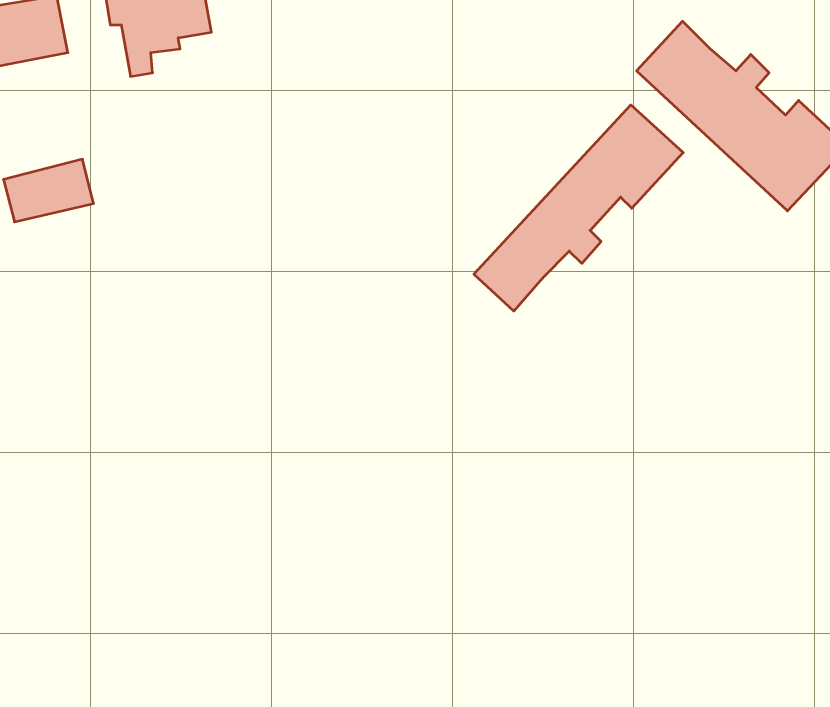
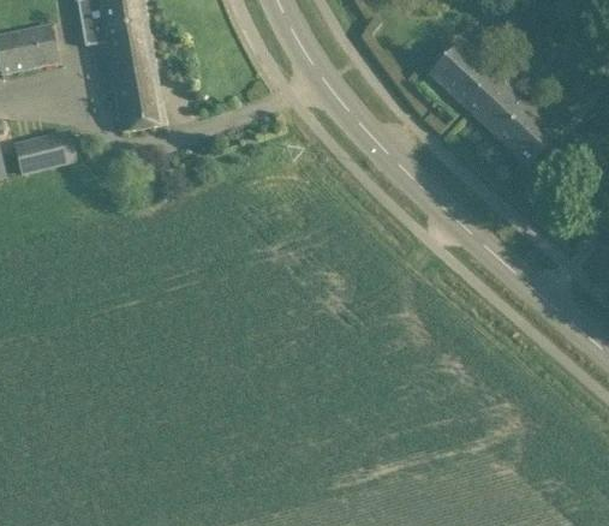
building: none -> [97,48,163,131]
building: [474,105,683,311] -> none

